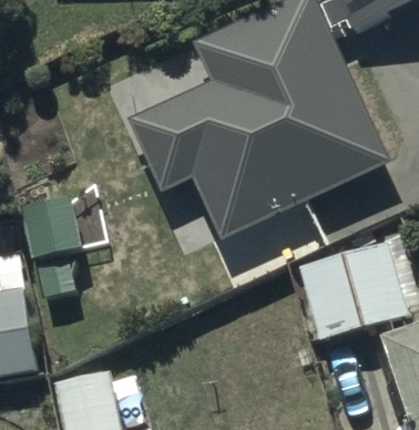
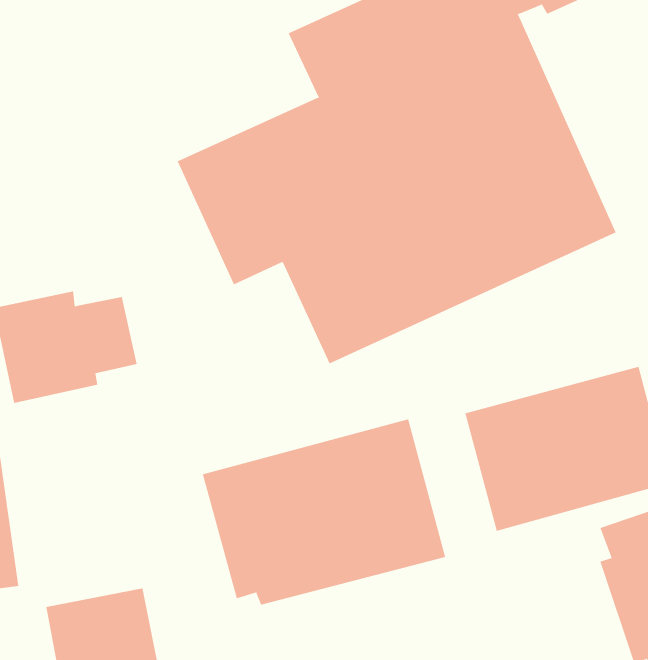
building: none -> [202,418,446,606]

